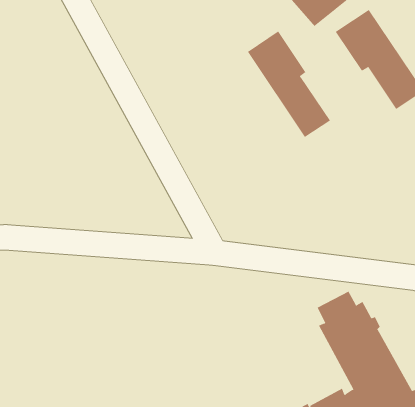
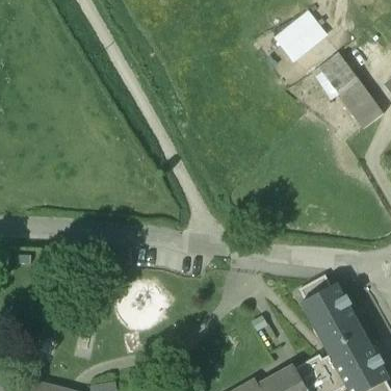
building: [247,31,331,138] -> none

